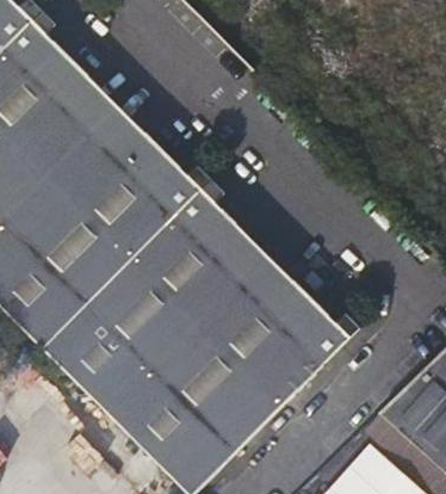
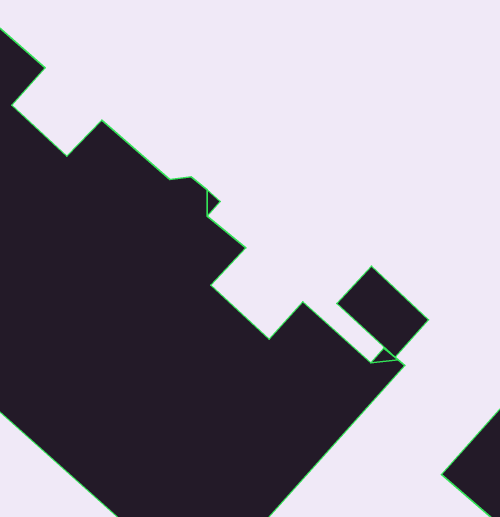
building: [62,80,131,149] -> none
building: [209,228,279,300] -> [337,266,428,357]

